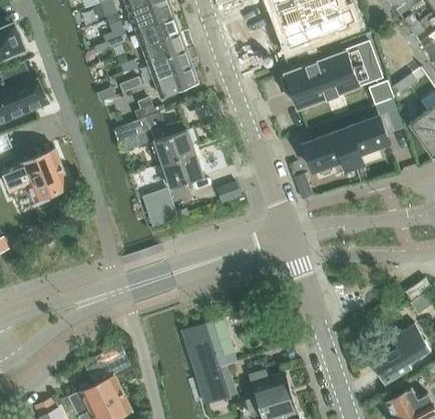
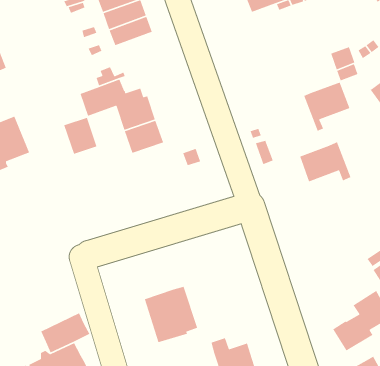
building: [279,42,381,108] -> none
building: [153,67,197,98] -> none
building: [303,130,355,171] -> [299,141,352,182]
building: [142,189,176,228] -> [63,117,98,155]
building: [196,368,232,393] -> none

